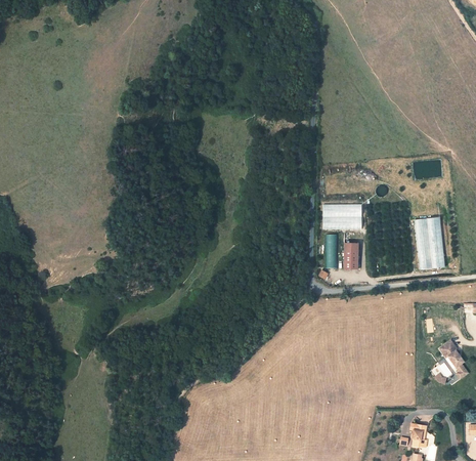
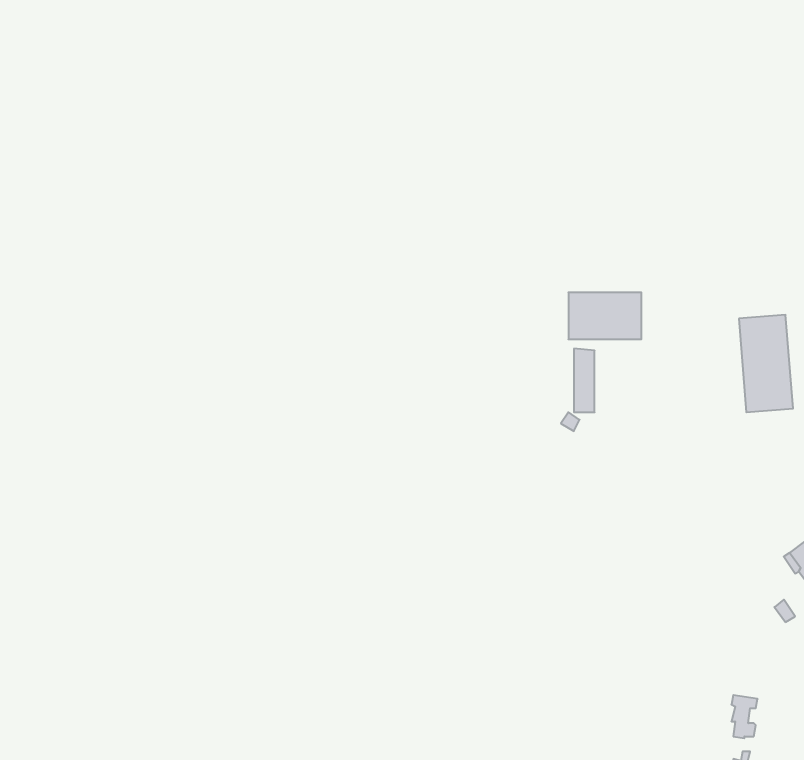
building: [343,243,358,269] -> none

